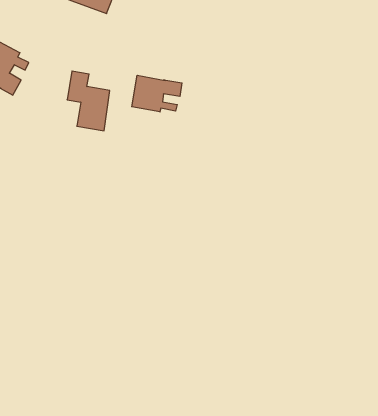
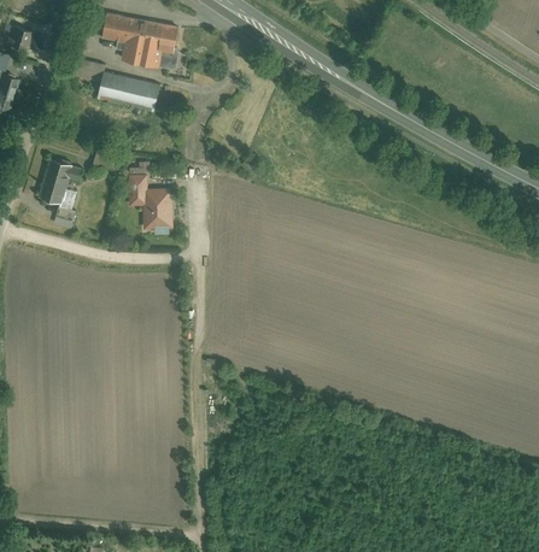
building: [132,75,182,112] -> none

